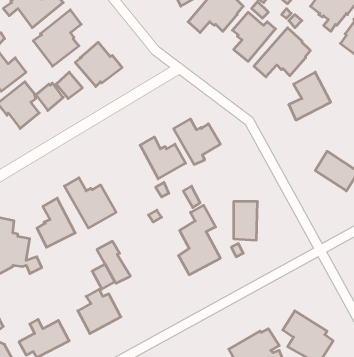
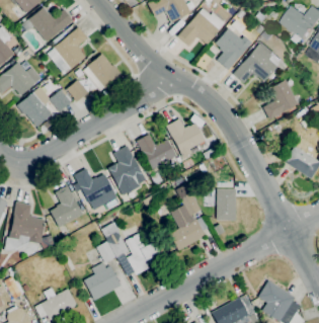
building: none -> [107,146,146,195]
building: none -> [125,234,164,274]

